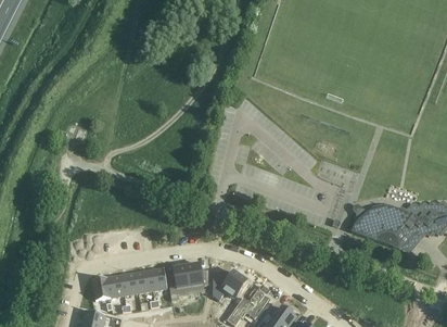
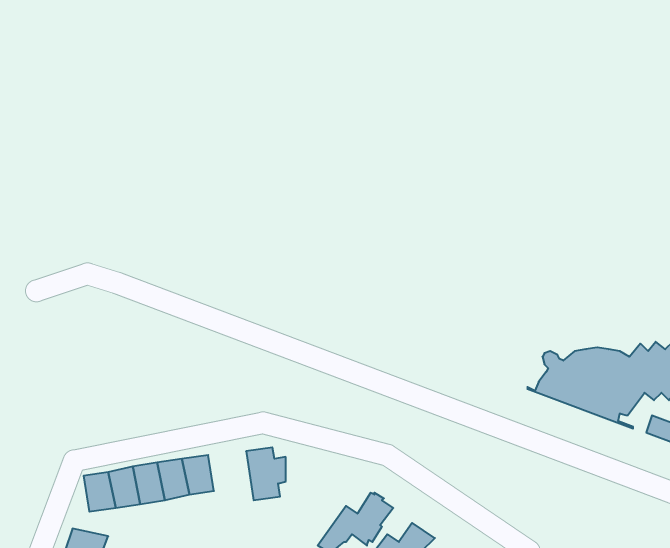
building: [170,265,191,300] -> none
building: [214,271,247,300] -> none

